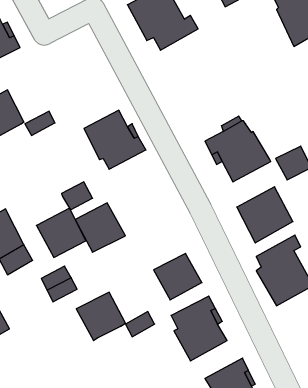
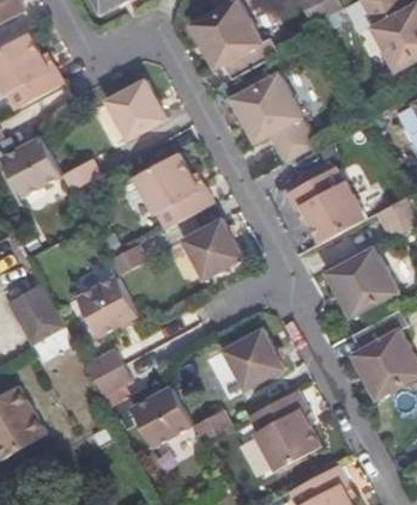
building: none -> [232,77,314,165]
building: none -> [107,83,167,141]
building: [75,203,125,252] -> [182,221,244,282]

